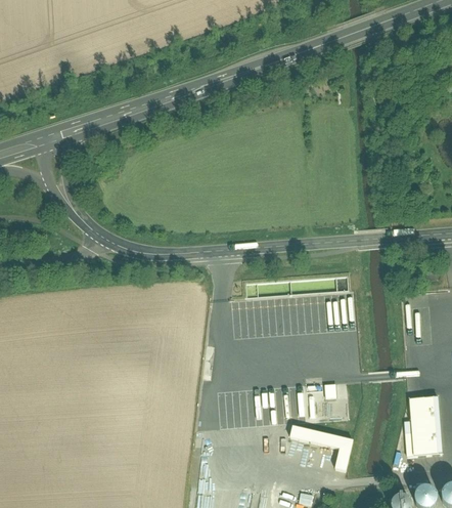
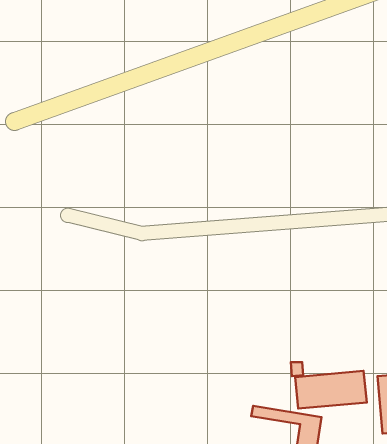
building: none -> [295,371,367,408]

